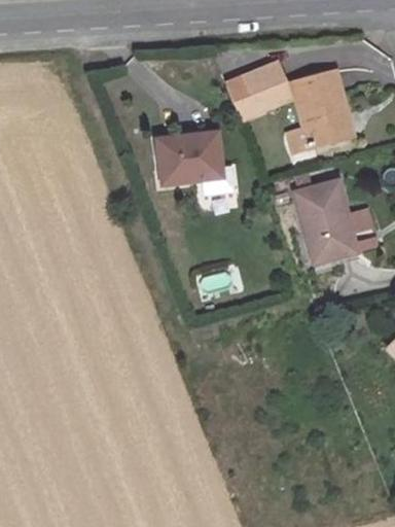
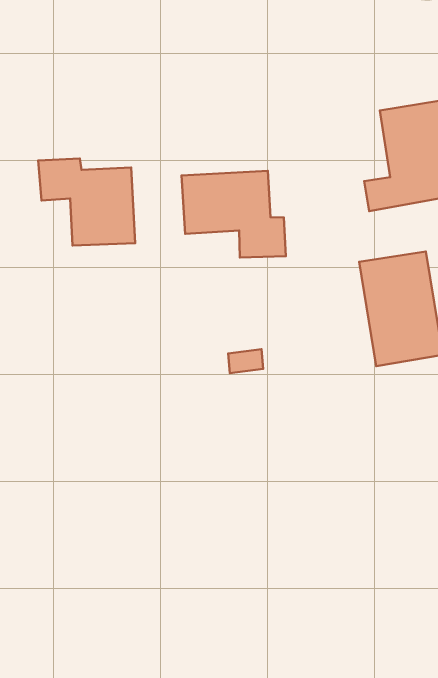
building: [221,63,287,120] -> none
building: none -> [38,158,135,246]

